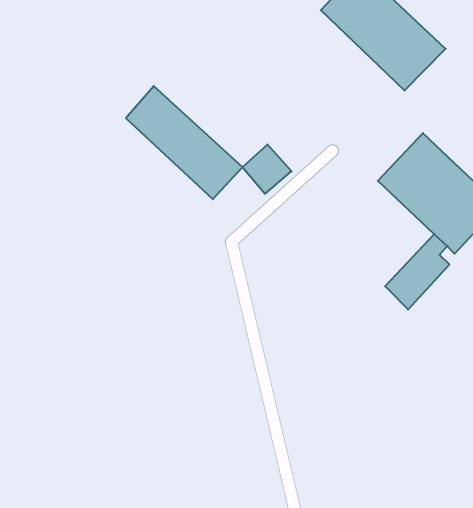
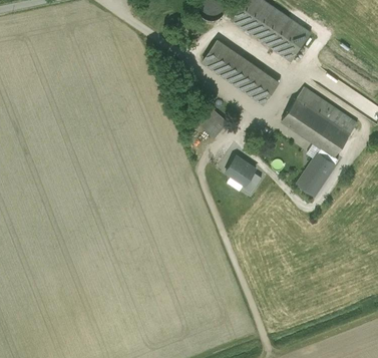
building: [126,86,243,199] -> [203,41,278,104]
building: none -> [227,155,262,193]

